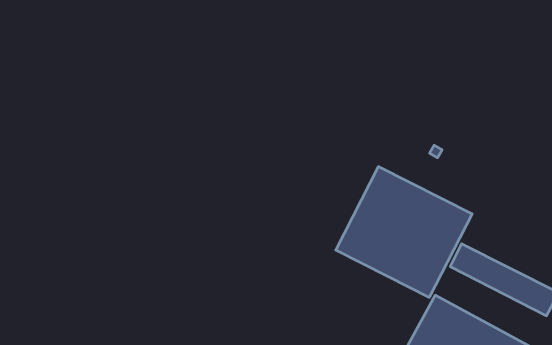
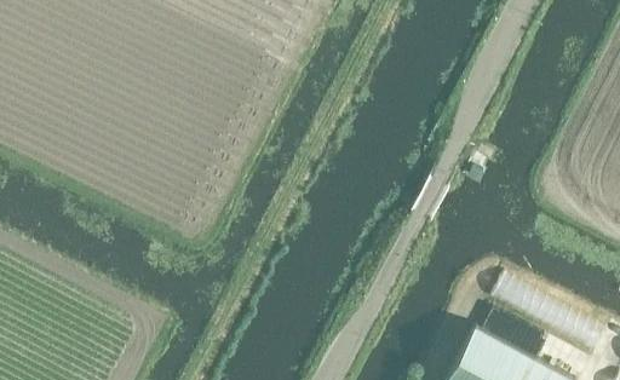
building: [336,167,472,297] -> none

